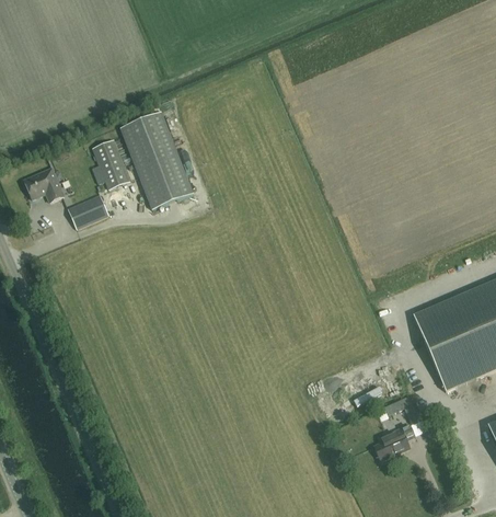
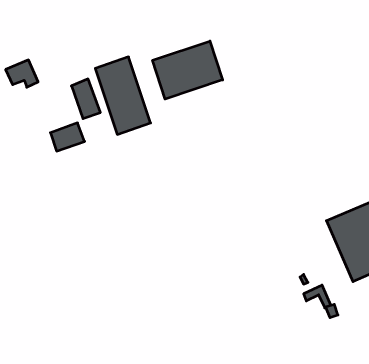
building: none -> [153,41,223,99]
building: [22,168,62,202] -> [6,60,38,87]
building: [372,423,414,460] -> none

